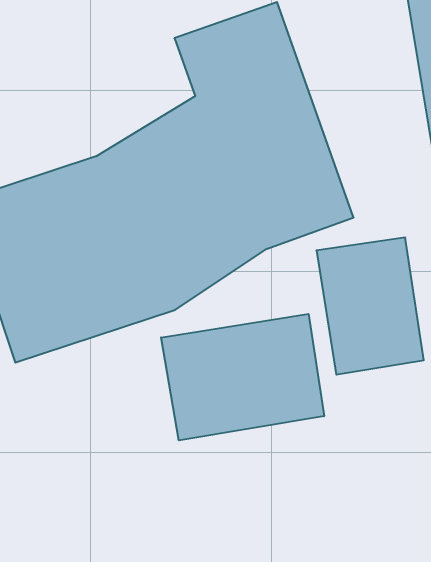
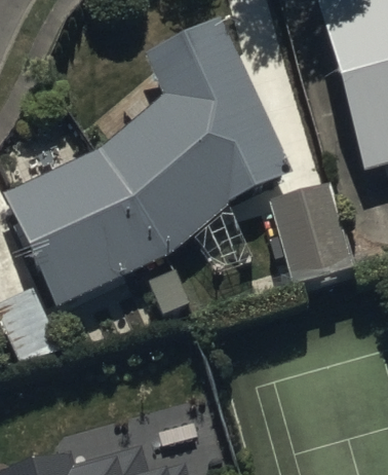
building: [161,314,324,440] -> none

